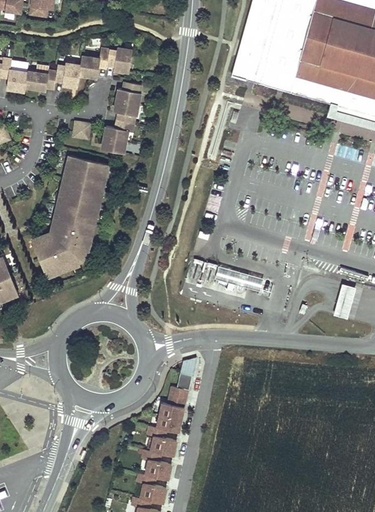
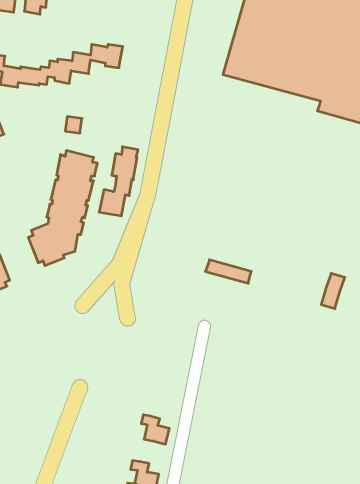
building: [99,81,139,152] -> [99,147,138,216]
building: [157,373,193,434] -> none
building: [143,450,173,480] -> none

